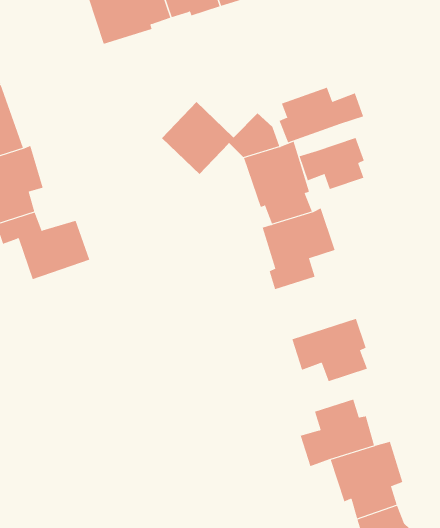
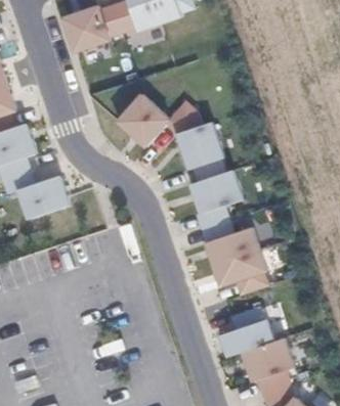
building: [279,87,364,143] -> none
building: [299,137,365,190] -> none
building: none -> [200,219,259,264]

